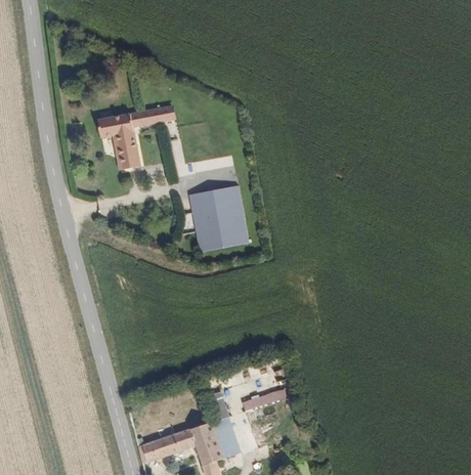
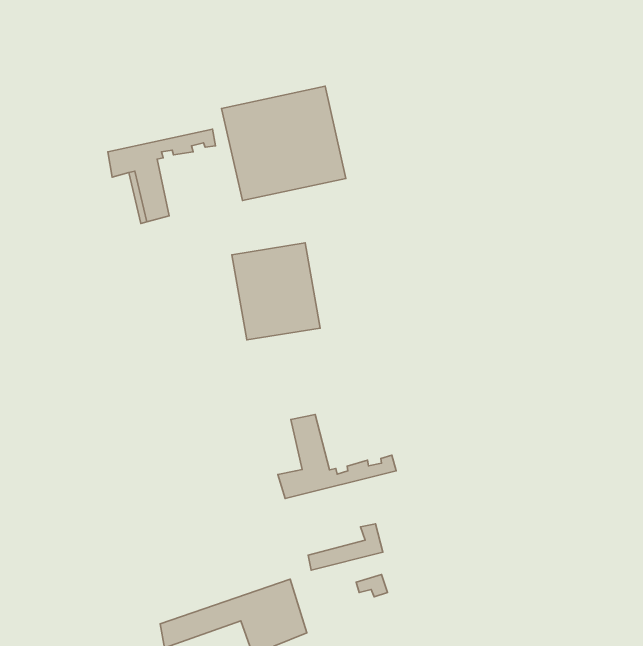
building: none -> [221,86,346,201]
building: none -> [278,415,396,499]

